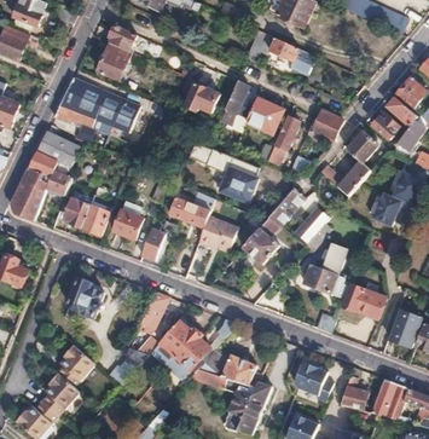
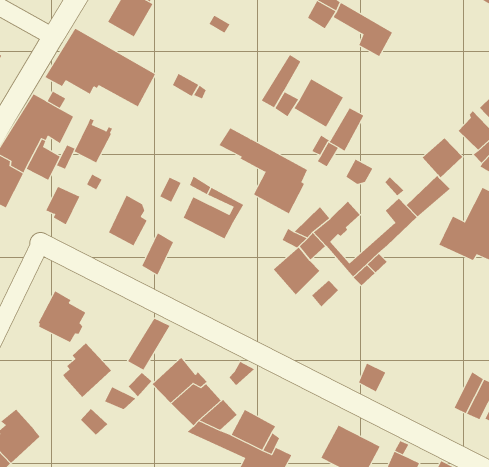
building: [184,81,218,112] -> none
building: [306,109,342,139] -> none
building: [81,201,109,235] -> [74,118,113,163]
building: [198,214,238,249] -> none
building: [303,241,344,296] -> none
building: [347,288,387,318] -> none
building: [56,343,93,386] -> [62,343,112,398]

